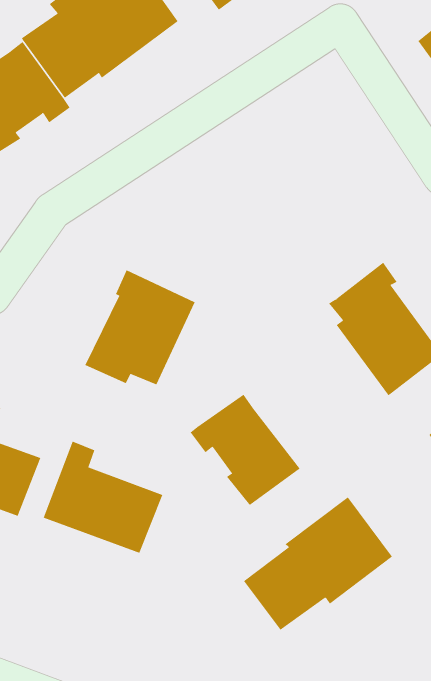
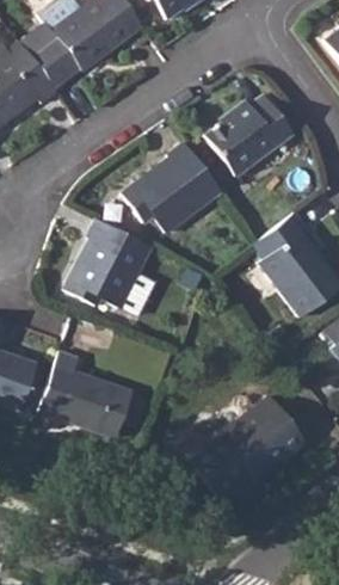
building: none -> [207,94,294,174]
building: none -> [125,142,223,232]
building: [190,394,300,506] -> none

